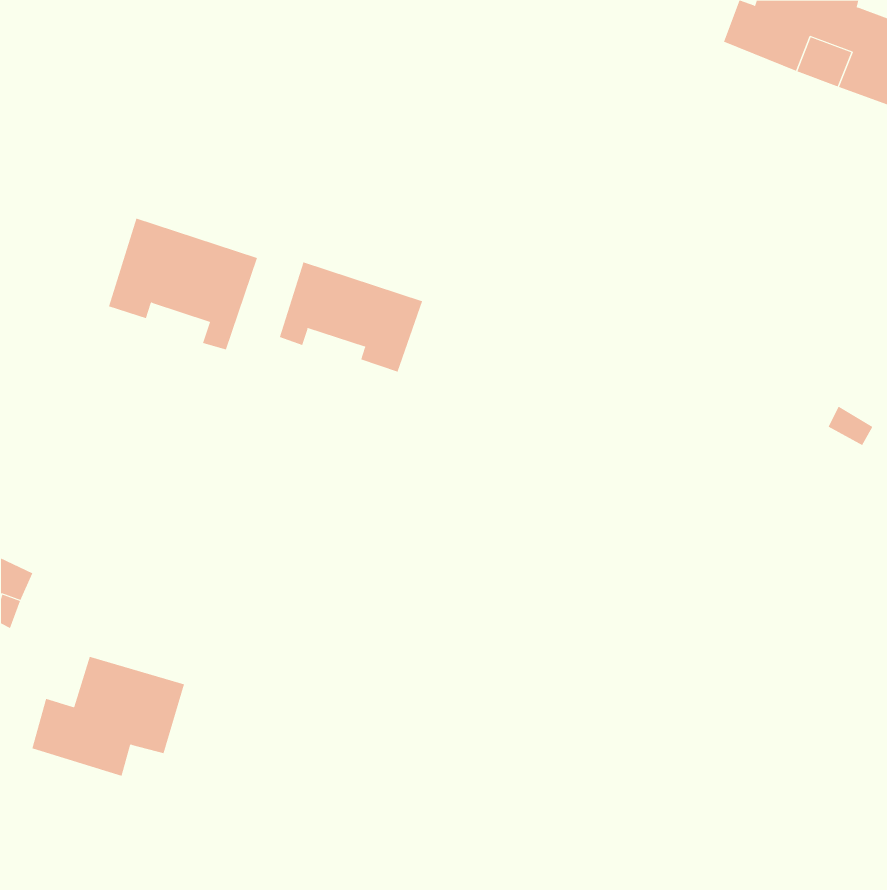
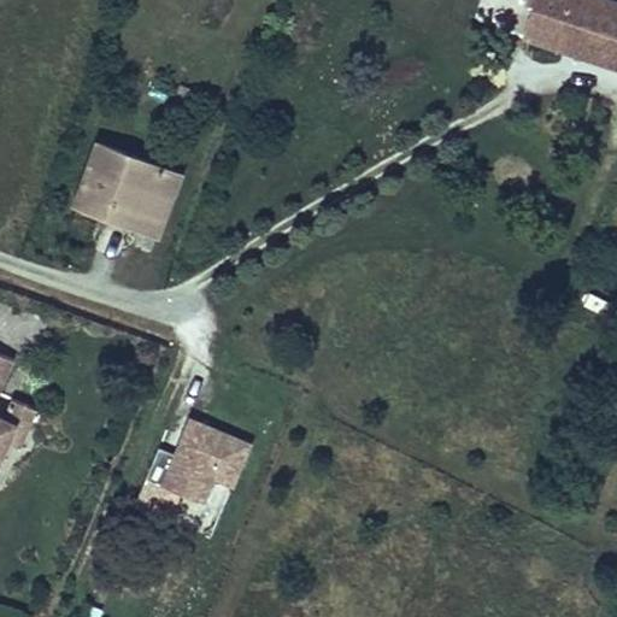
building: [279,261,423,373] -> none
building: [32,656,185,776] -> [146,418,252,501]

